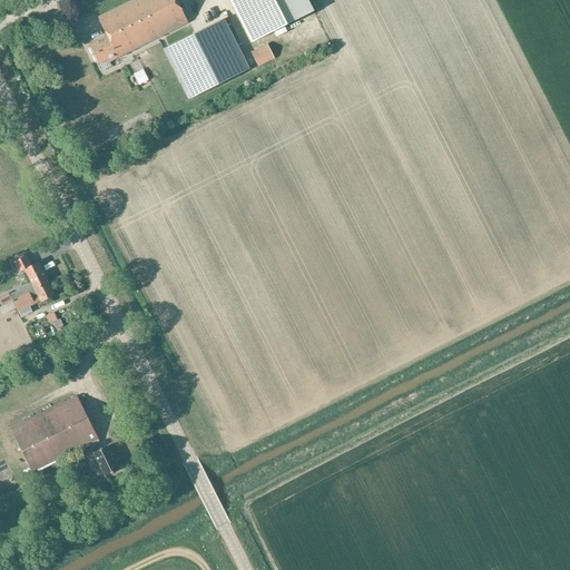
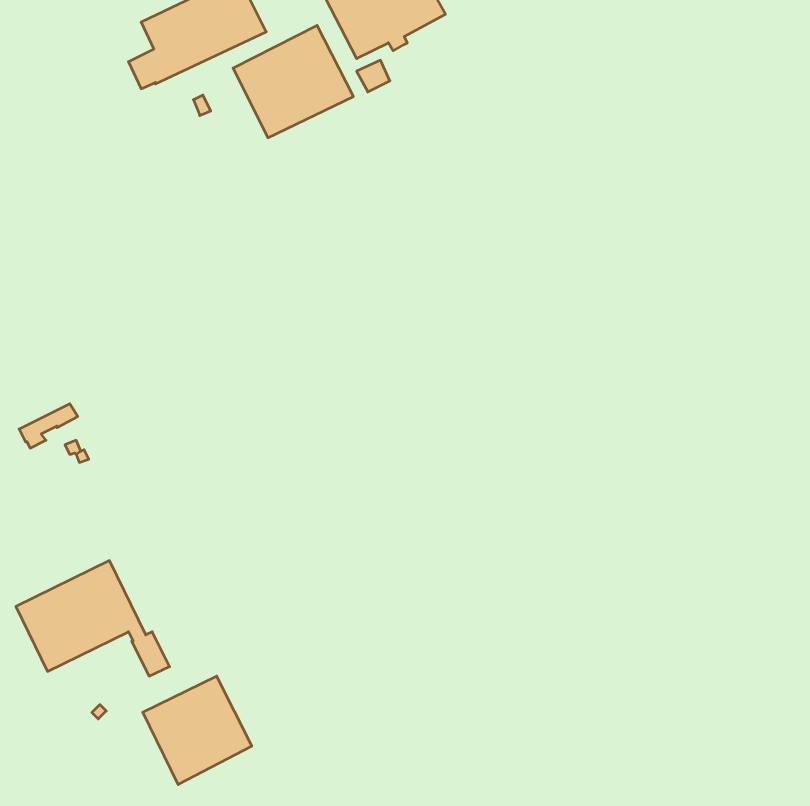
building: [9,257,49,302] -> none
building: none -> [143,676,252,785]

